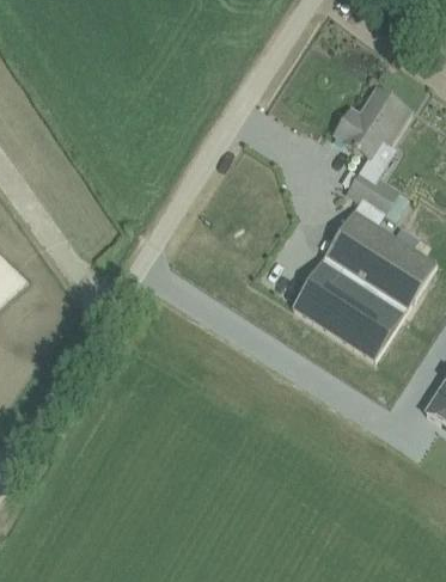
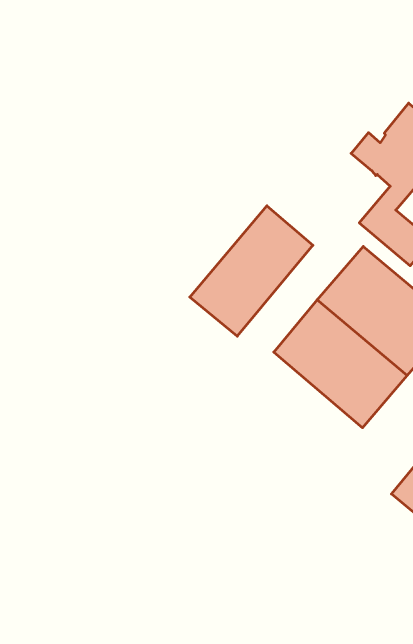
building: none -> [190,206,313,336]

